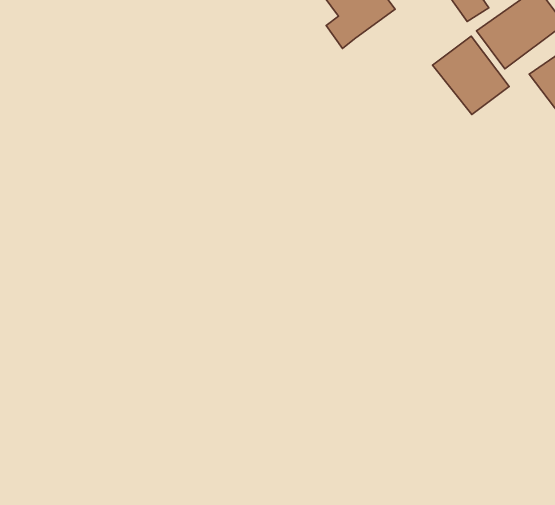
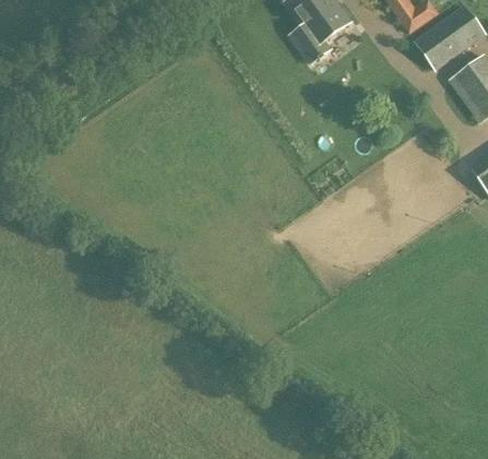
building: [432,36,509,115] -> none

